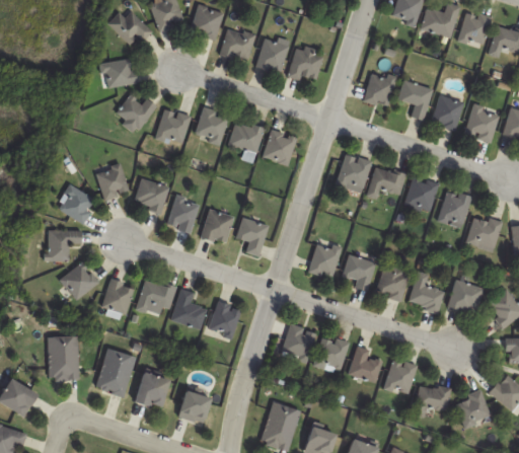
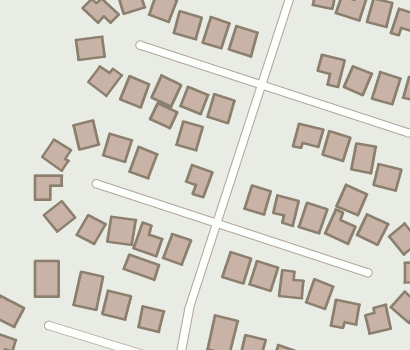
building: [362,71,396,108] -> none
building: none -> [150,103,177,128]
building: [335,153,370,191] -> none
building: [200,209,232,244] -> [176,122,203,150]
building: none -> [336,185,367,215]
building: none -> [124,255,159,280]

